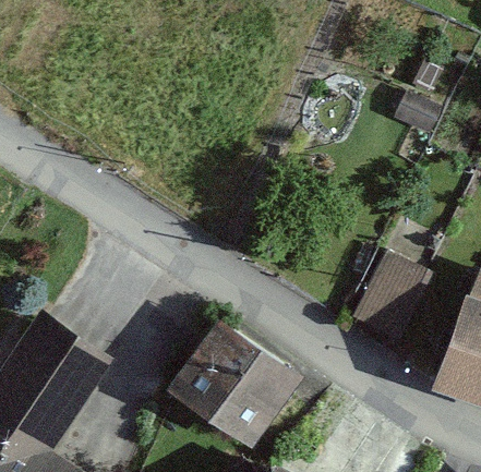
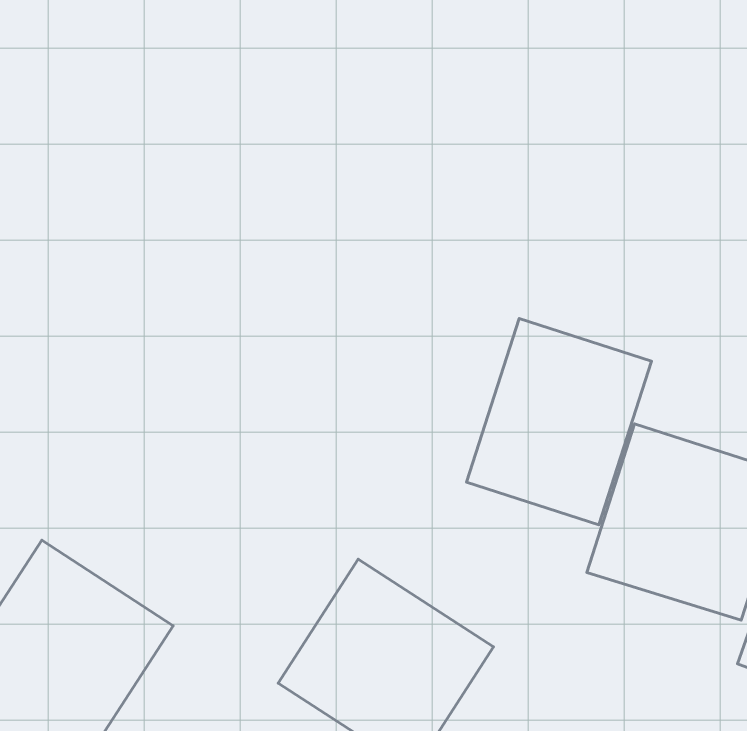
building: none -> [466,318,652,525]

